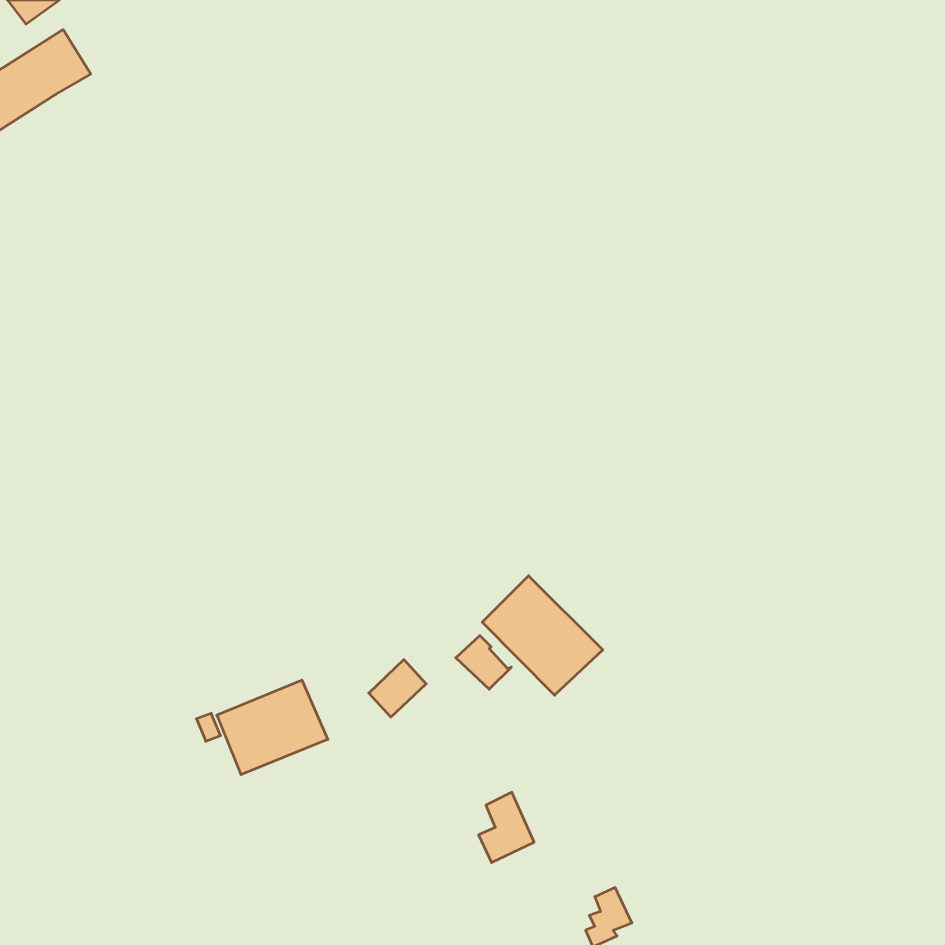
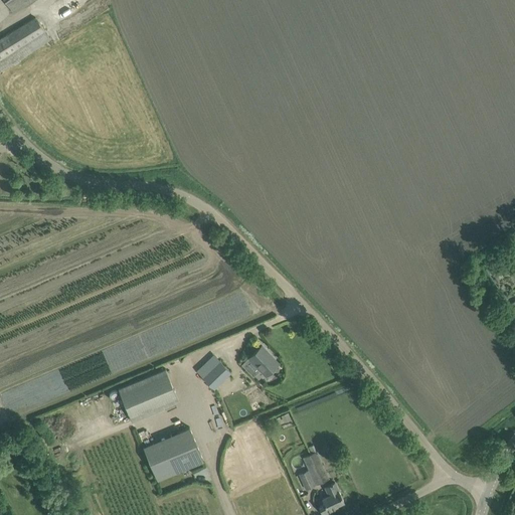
building: [482,576,603,695] -> none
building: none -> [143,427,202,481]
building: [479,792,534,863] -> [298,452,328,490]

